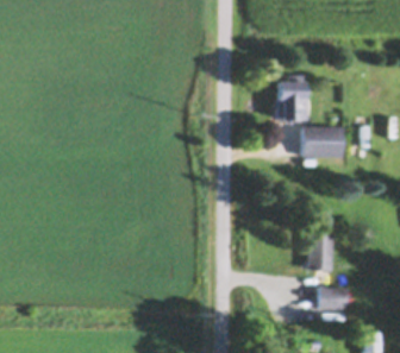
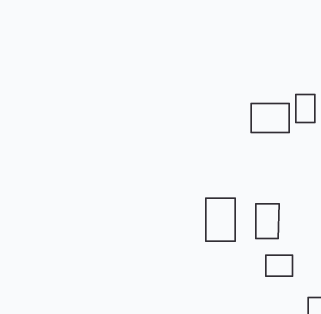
building: [277,76,307,125] -> none
building: none -> [206,198,235,241]

